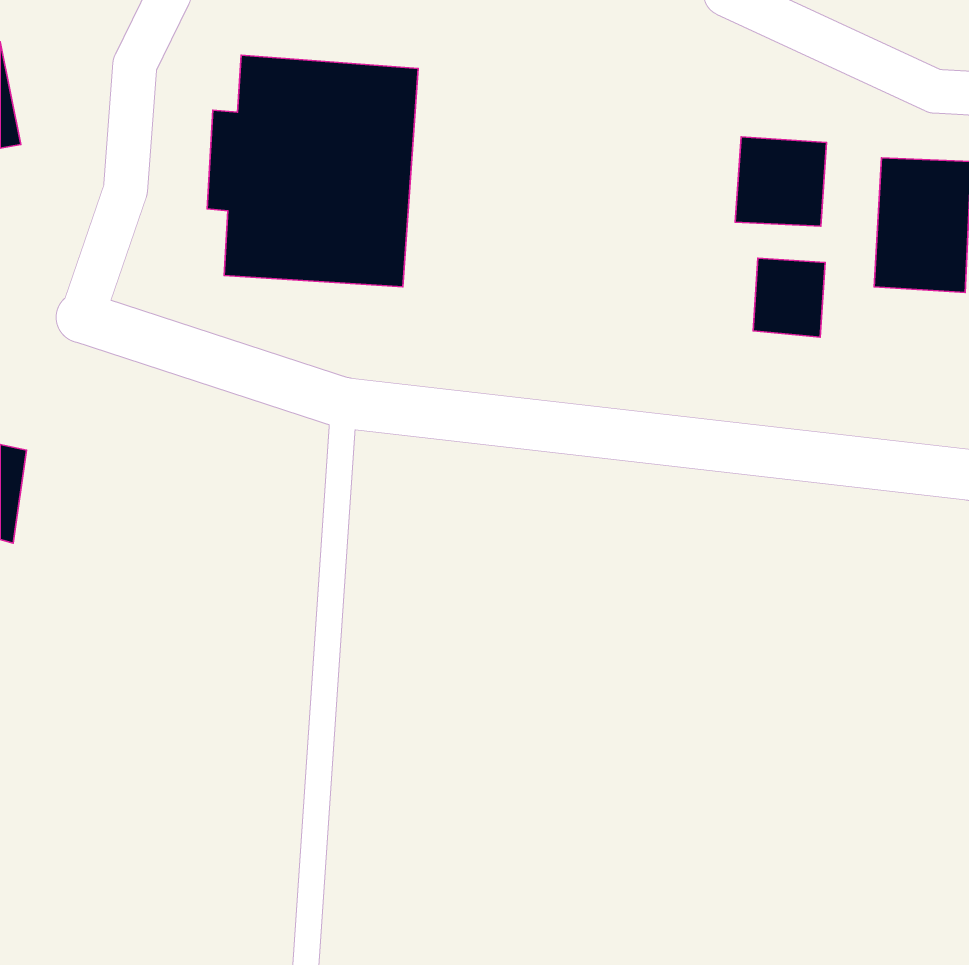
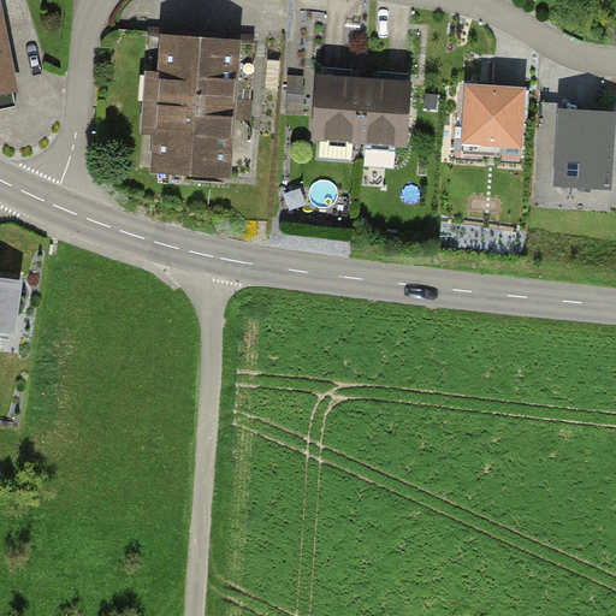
building: none -> [307,76,405,144]
building: [753,258,825,337] -> none

